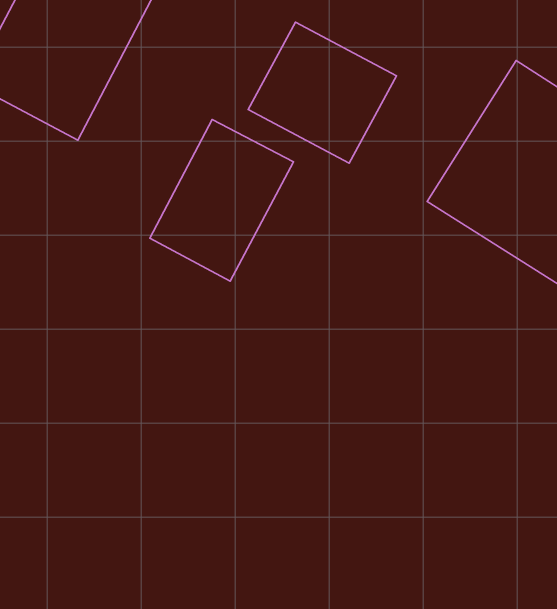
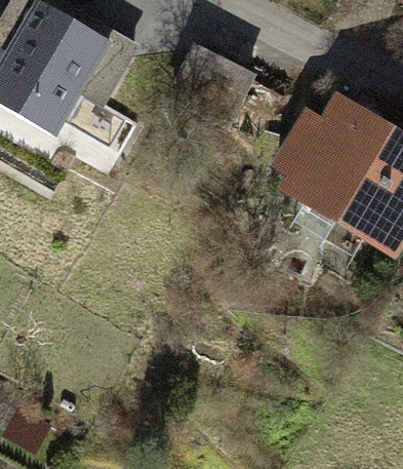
building: [150,119,294,281] -> none

